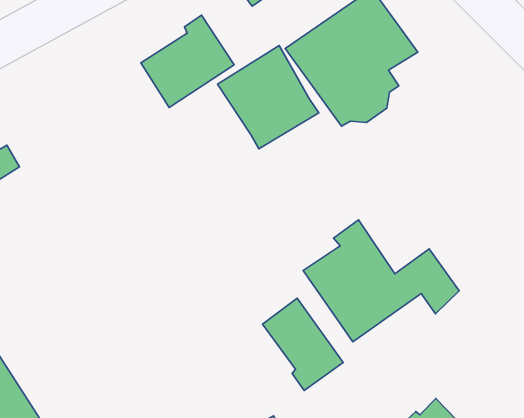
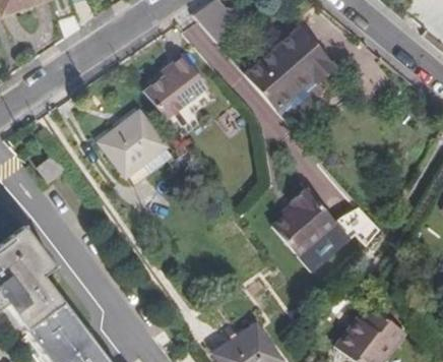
building: [217,45,319,149] -> [102,111,174,184]
building: [263,298,343,391] -> none

